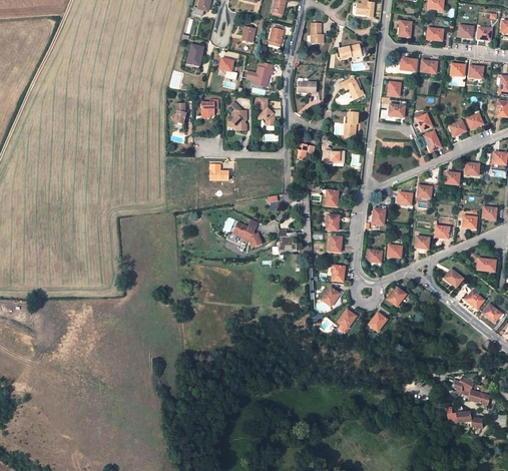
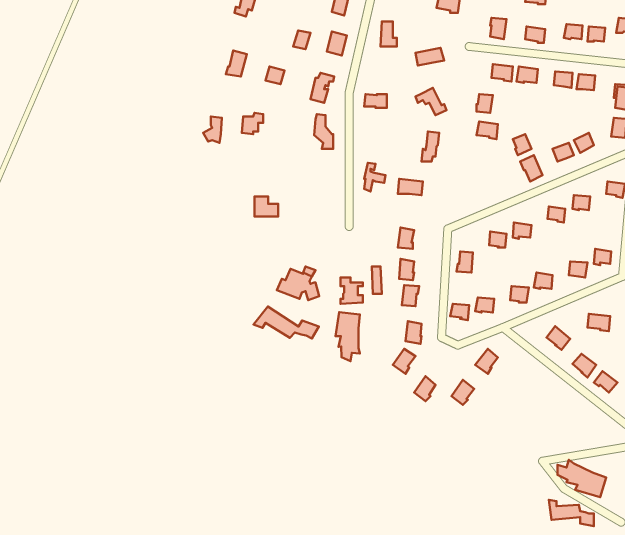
building: [225,99,244,129] -> none
building: none -> [254,307,319,339]
building: none -> [335,312,360,361]

